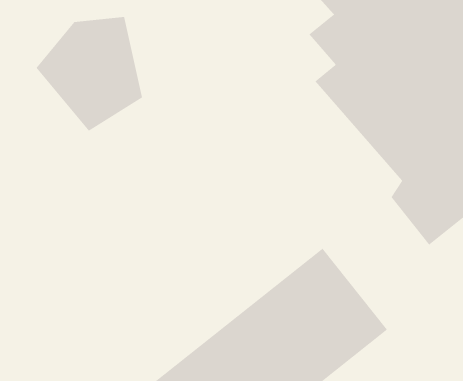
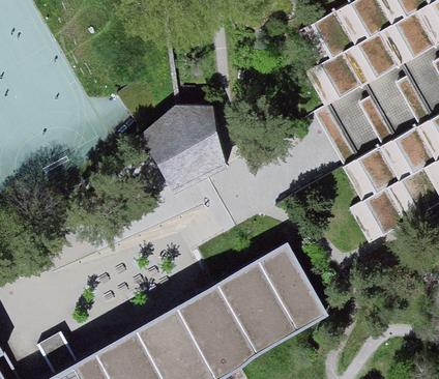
building: [36,16,143,131] -> [145,107,225,194]

